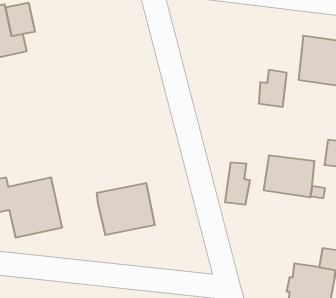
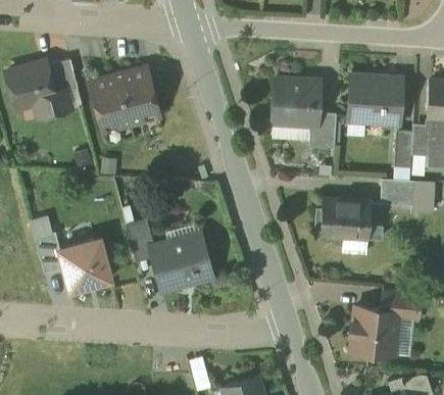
building: none -> [91,67,160,131]
building: none -> [273,79,320,125]
building: [225,162,250,205] -> none
building: none -> [128,224,154,262]

